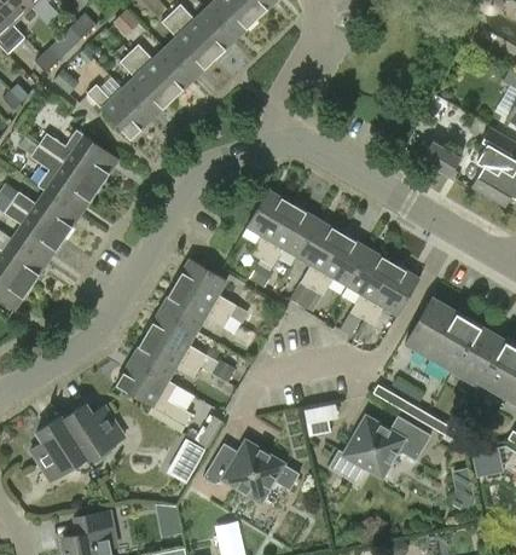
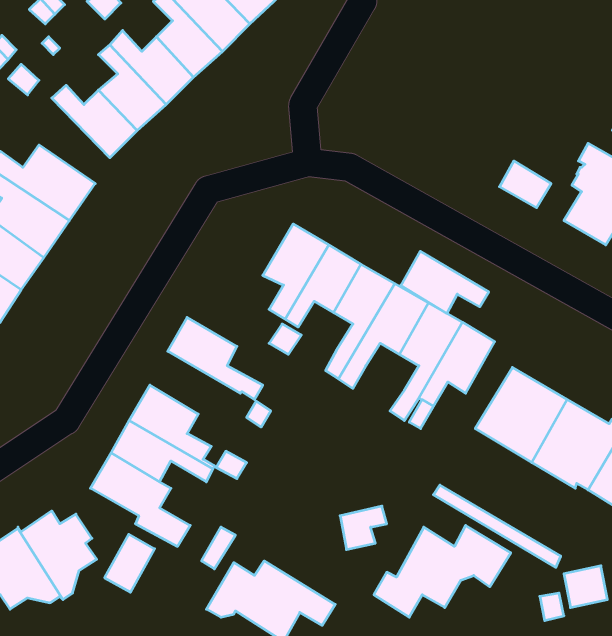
building: none -> [401,251,489,313]
building: [160,284,227,331] -> none
building: [167,438,204,481] -> [105,534,155,592]

